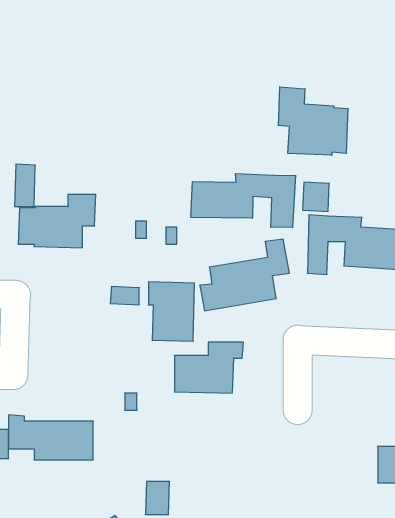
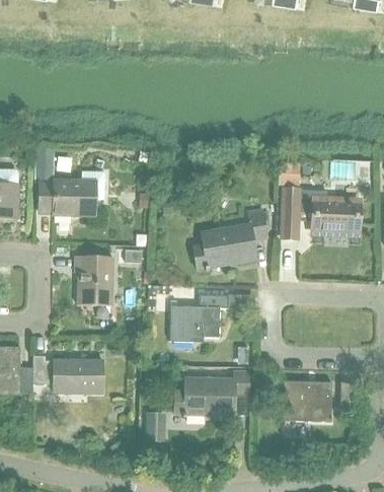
building: [278,87,348,155] -> none
building: [191,174,296,228] -> none
building: [148,282,194,341] -> [74,257,112,306]
building: none -> [174,371,249,415]
building: none -> [282,381,331,422]

